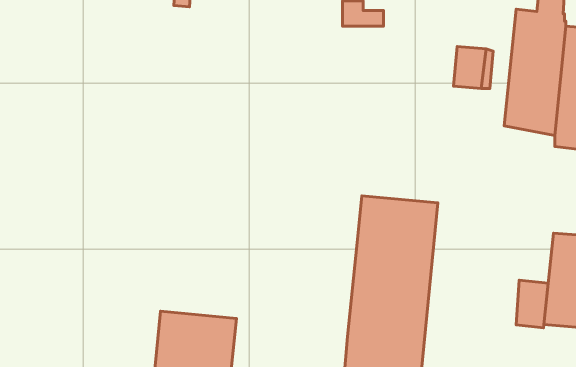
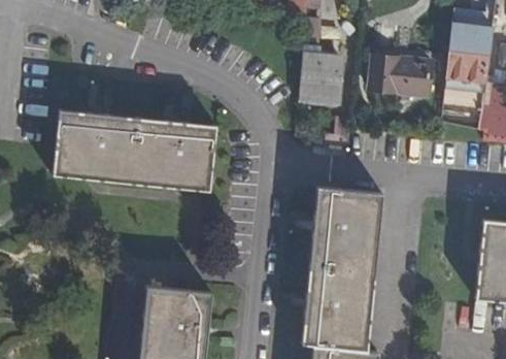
building: none -> [371,56,401,92]
building: none -> [299,60,341,104]
building: none -> [47,111,217,191]
building: [516,280,548,328] -> none

